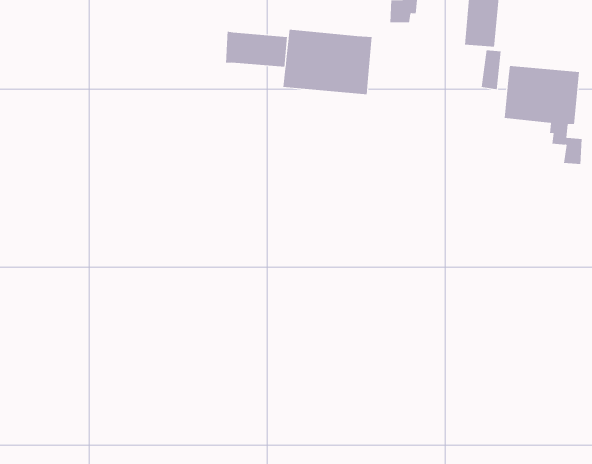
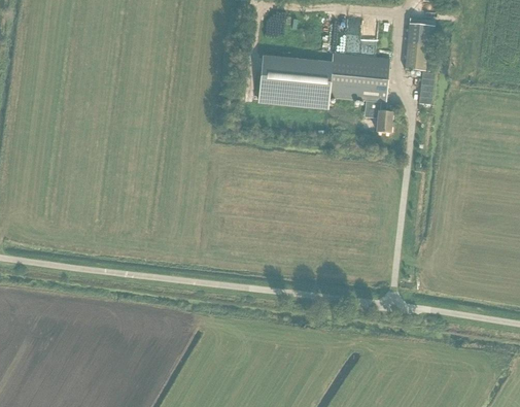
building: [225,31,288,68] -> none
building: [504,65,582,164] -> [327,53,390,132]

